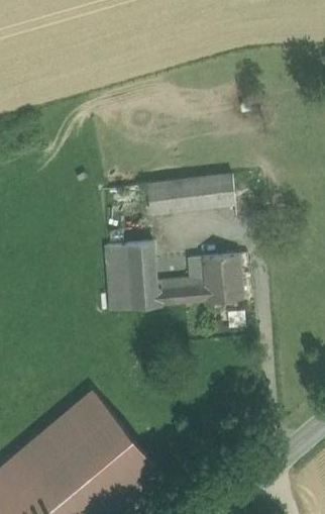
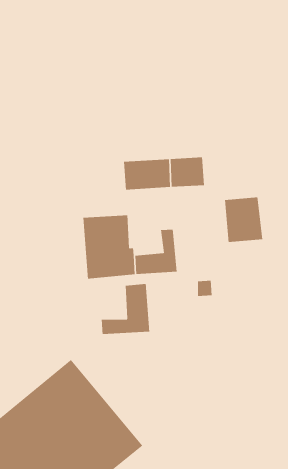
building: [200,252,241,301] -> [224,197,263,243]
building: none -> [101,283,150,335]

